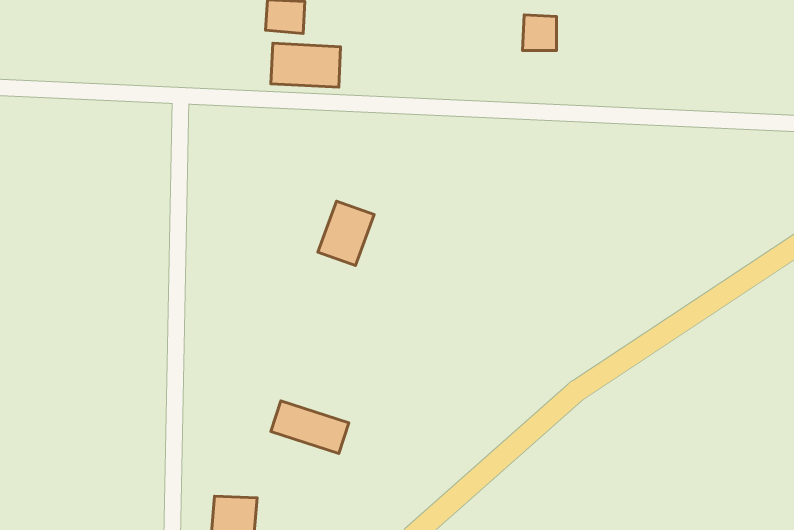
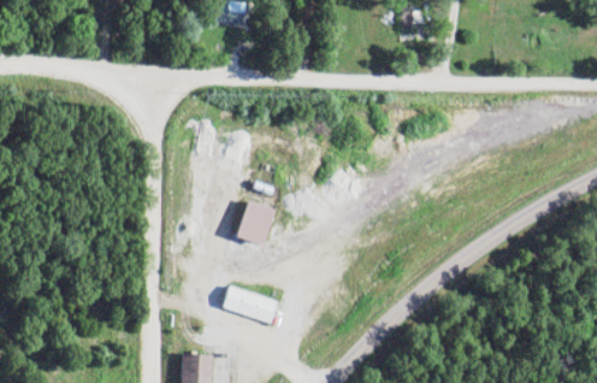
building: [271,43,341,87] -> none
building: [318,201,374,266] -> [236,200,276,246]

